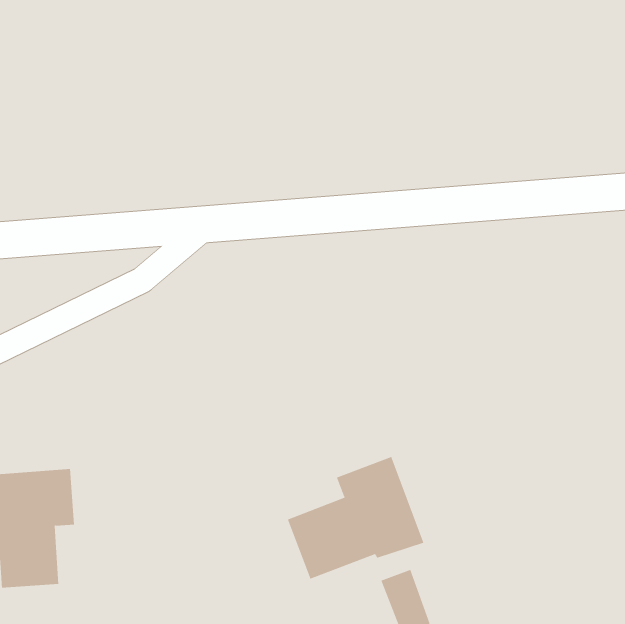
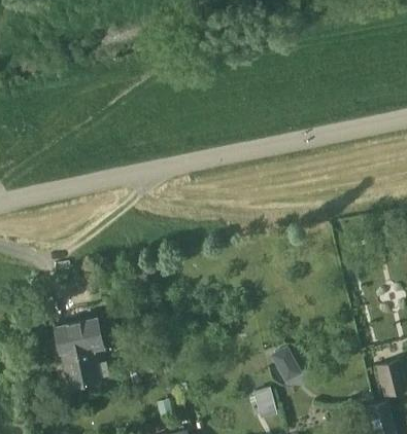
building: [287,456,424,579] -> none

